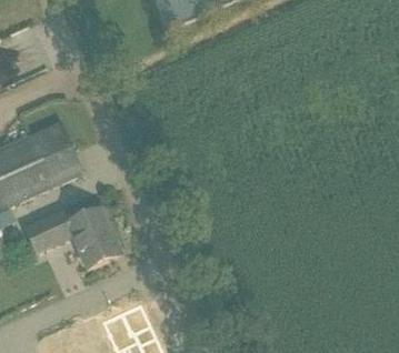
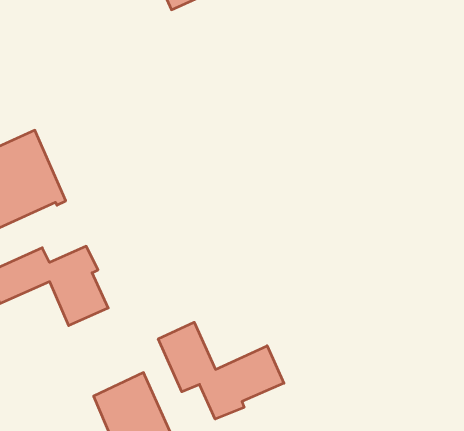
building: none -> [158,322,284,419]

